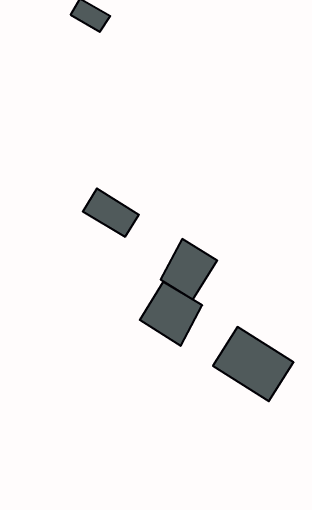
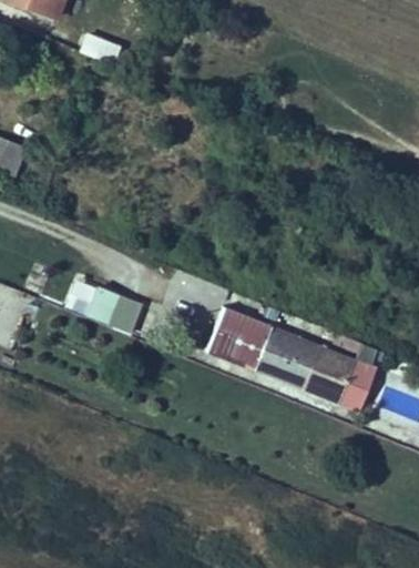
building: [83,188,139,237] -> [83,286,140,329]
building: [161,239,217,300] -> [257,324,310,383]

